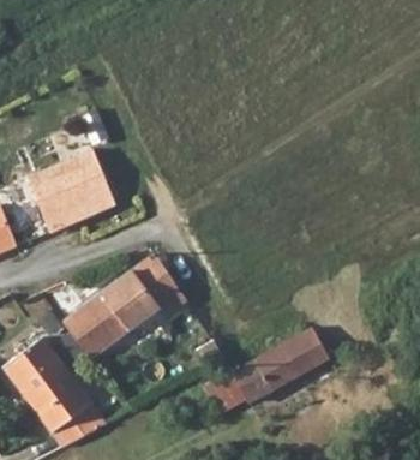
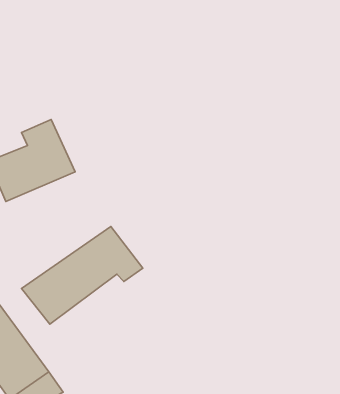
building: [232,328,329,402] -> none

